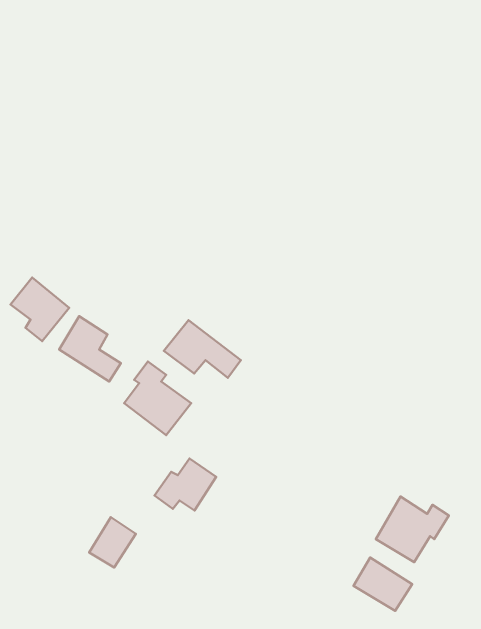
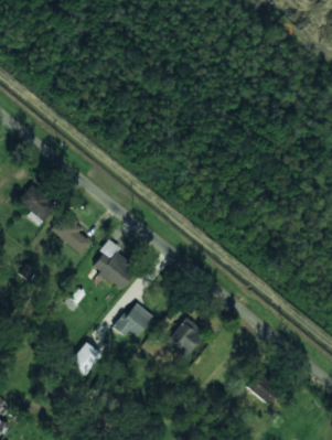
building: [164,320,241,378] -> none
building: none -> [165,318,205,359]
building: [376,496,449,562] -> none

